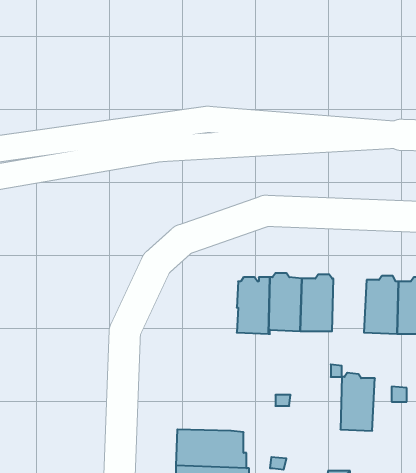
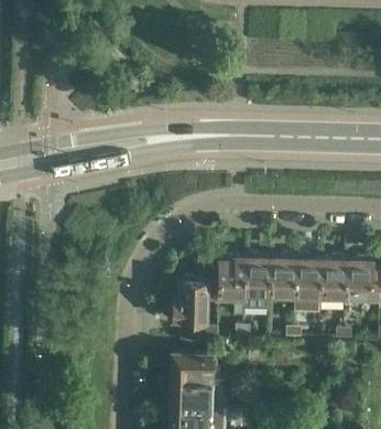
building: none -> [168,279,218,341]
building: [340,373,375,431] -> [293,257,320,303]
building: none -> [170,353,214,382]

